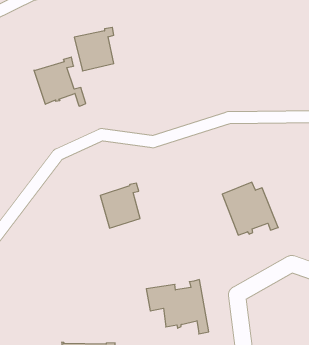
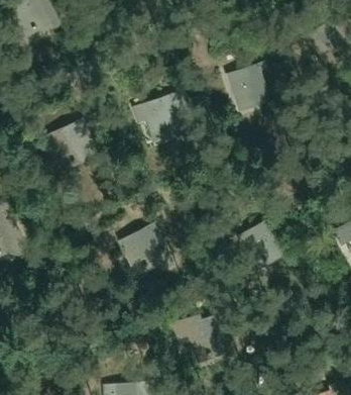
building: none -> [227,63,265,105]
building: [74,27,114,71] -> [139,95,179,138]

